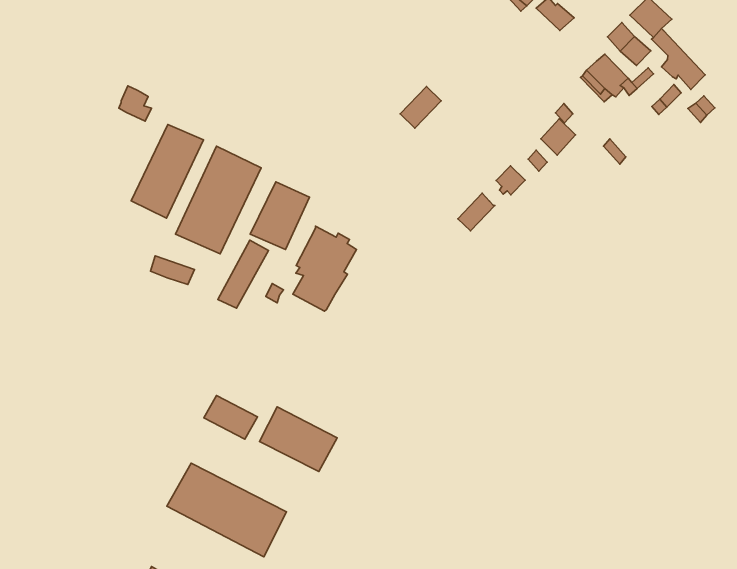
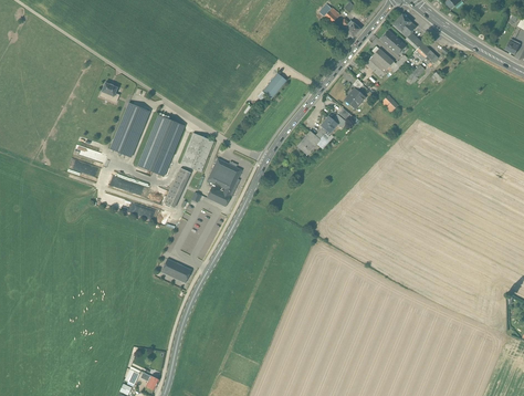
building: [260,407,337,471] -> none
building: [167,463,286,557] -> none

